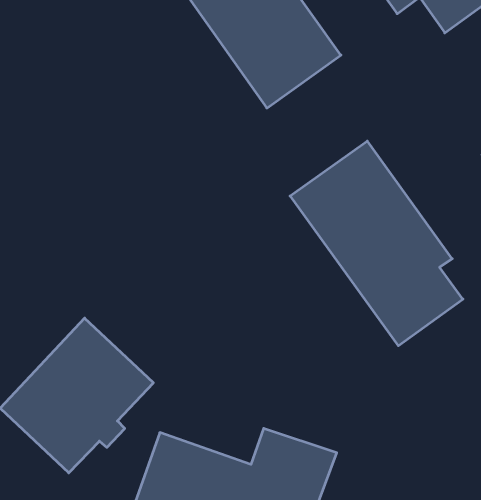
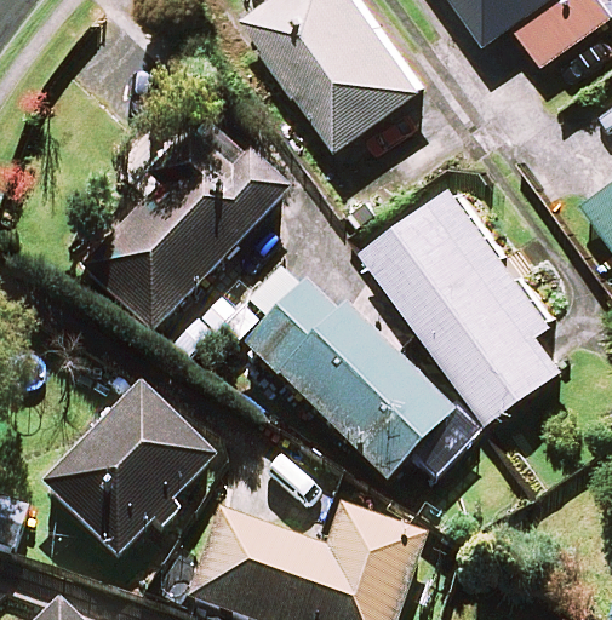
building: none -> [76,108,285,338]
building: none -> [239,281,446,484]

